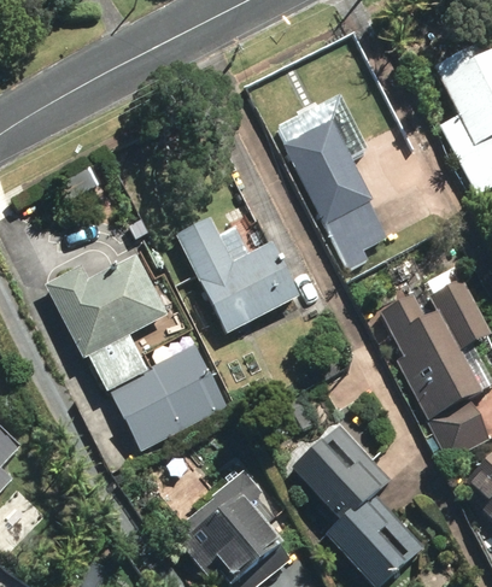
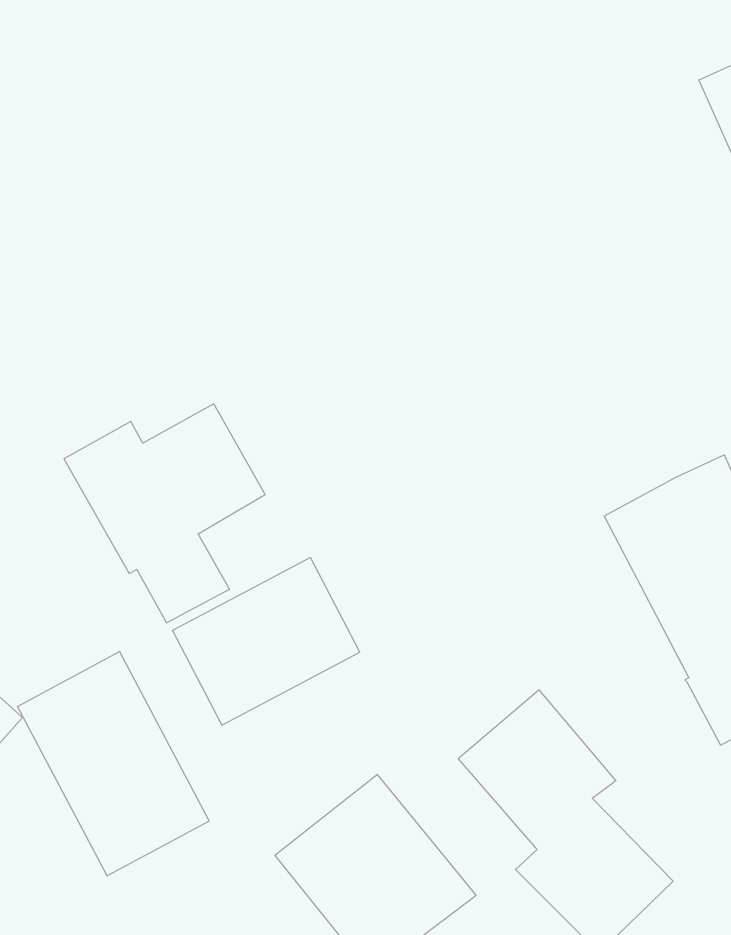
building: [283,122,391,265] -> none
building: [172,206,312,340] -> none
building: none -> [17,651,209,876]

